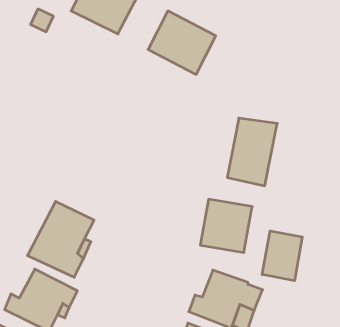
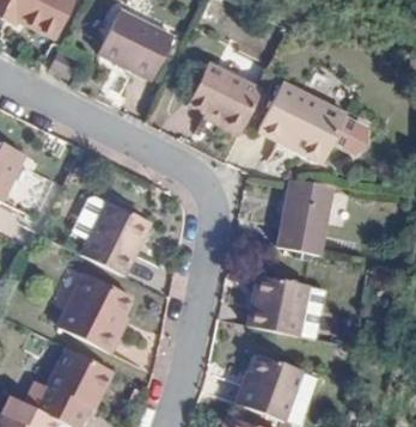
building: none -> [261,84,349,164]
building: none -> [71,195,148,274]
building: [262,231,302,281] -> none

